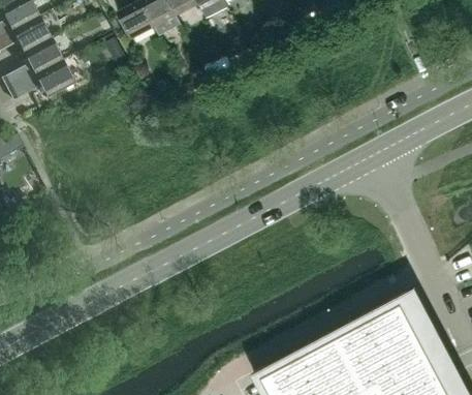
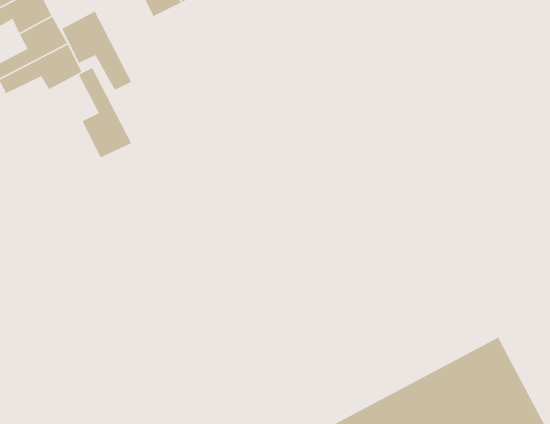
building: none -> [61,10,132,91]
building: none -> [78,67,132,158]

